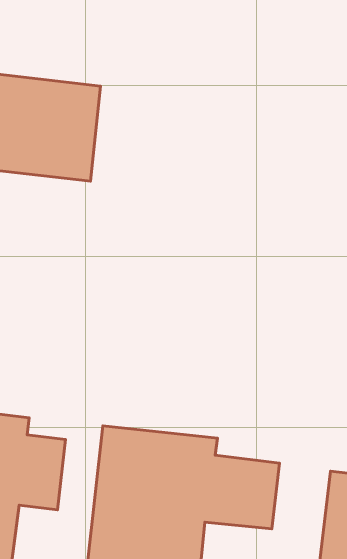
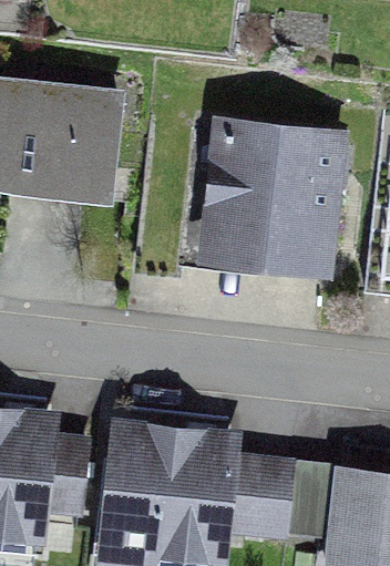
building: none -> [215,131,337,258]

